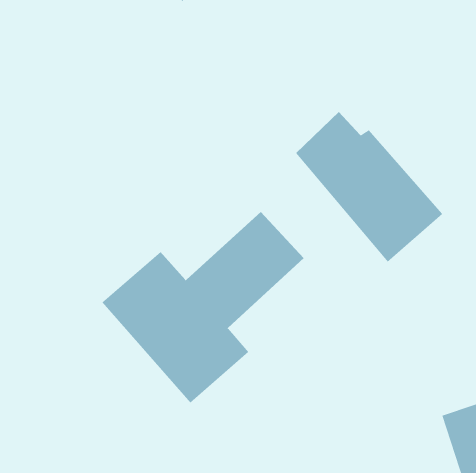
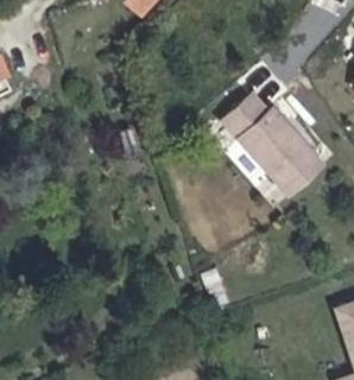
building: [102,211,304,403] -> none

